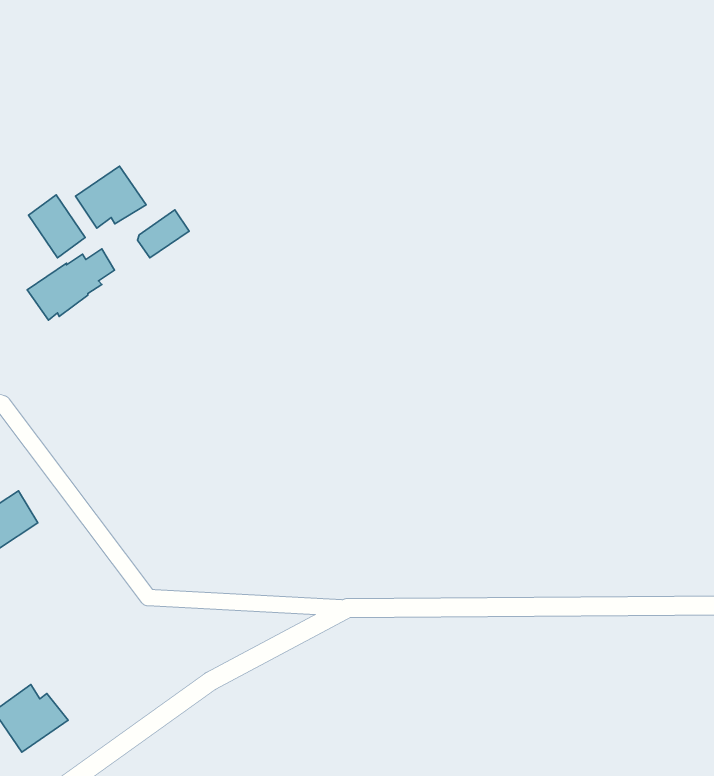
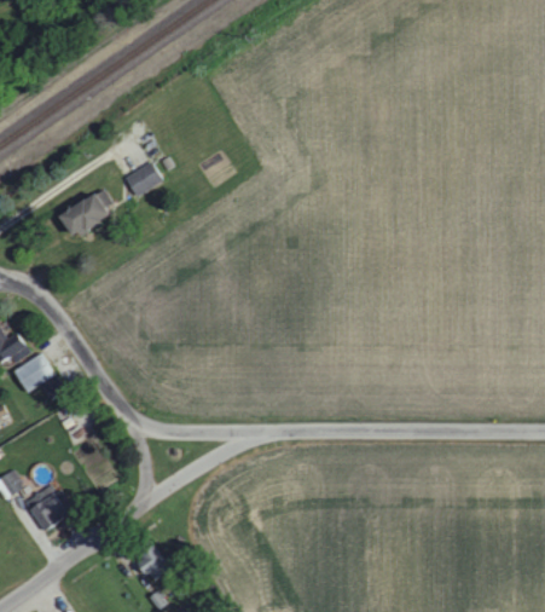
building: [76,166,146,228] -> none
building: [28,195,85,258] -> none

